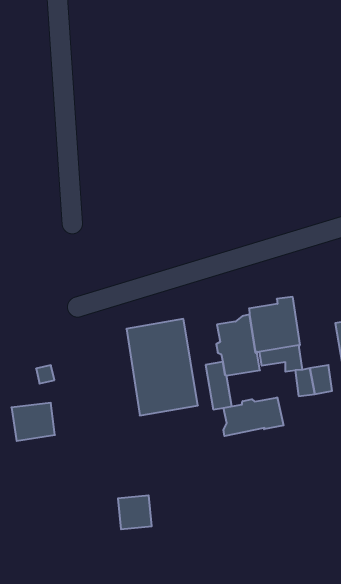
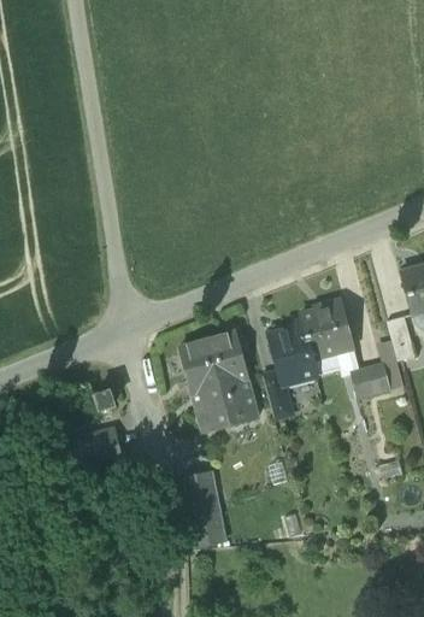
building: [223,397,284,436] -> none
building: none -> [181,472,219,516]

